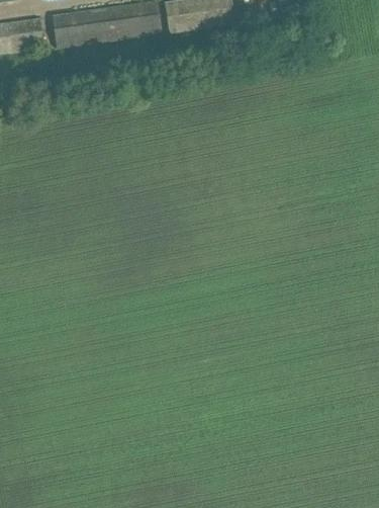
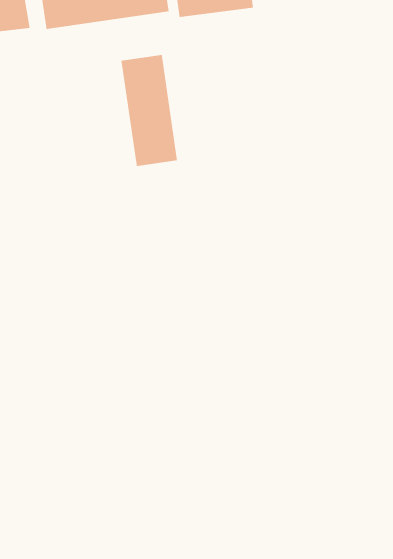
building: none -> [121,54,177,167]

